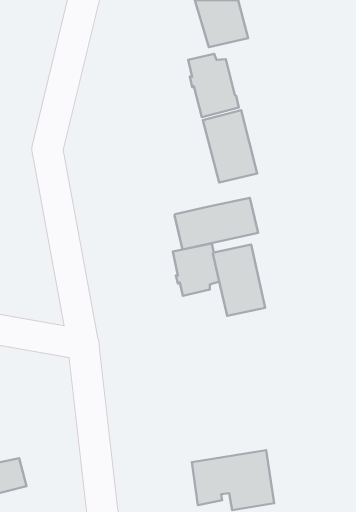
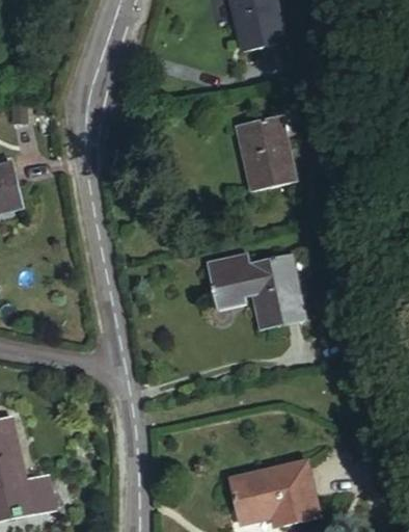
building: [188,54,239,117] -> none
building: [175,198,258,250] -> none

